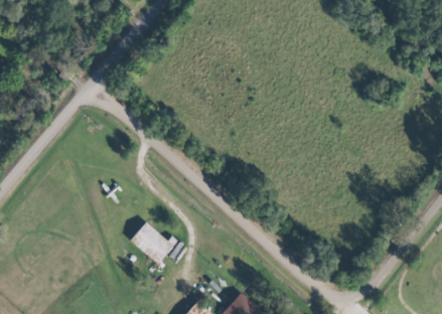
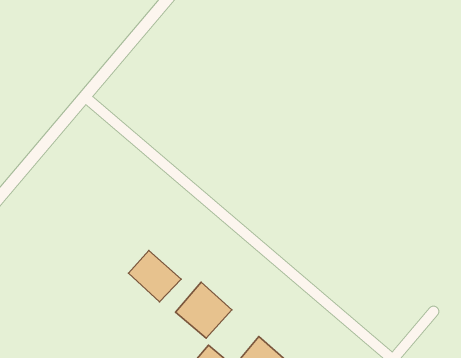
building: none -> [176,282,232,338]

